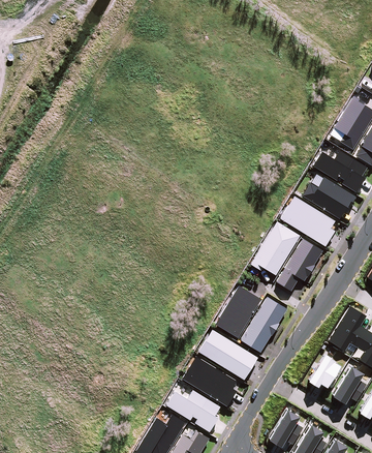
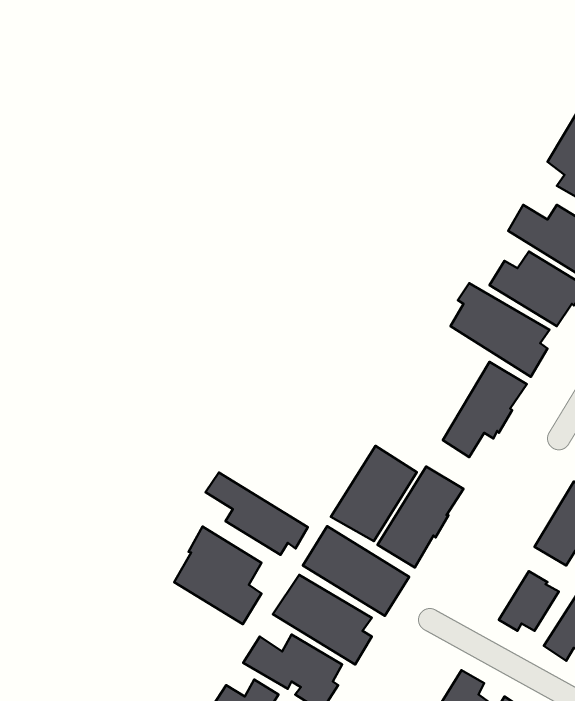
building: [251,220,301,275] -> none
building: none -> [205,473,308,555]
building: none -> [174,526,262,624]

